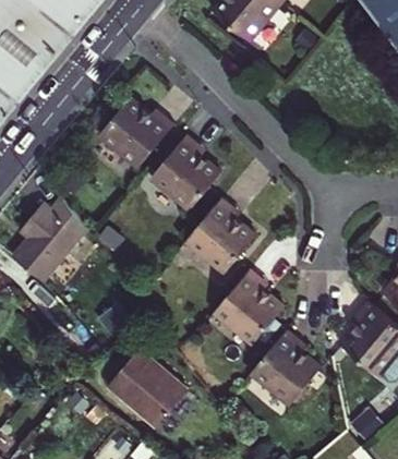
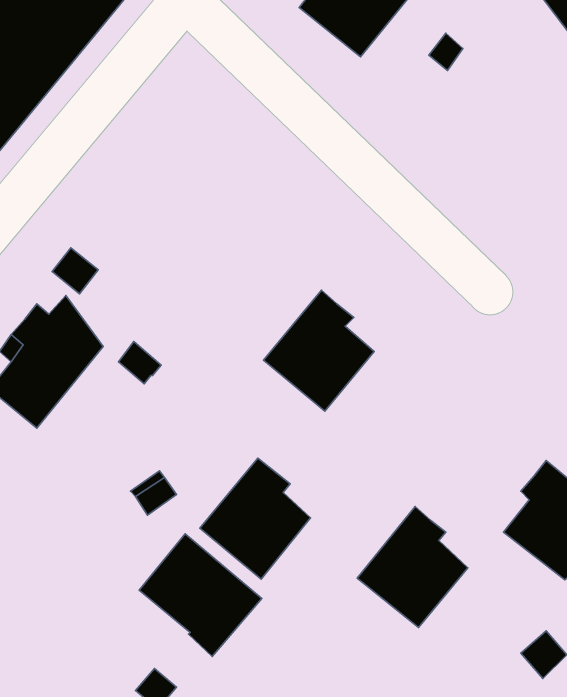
building: [97,98,173,169] -> none
building: [148,134,219,210] -> none
building: [214,266,285,343] -> [200,458,311,579]

